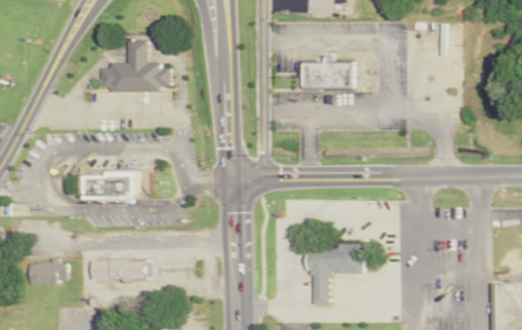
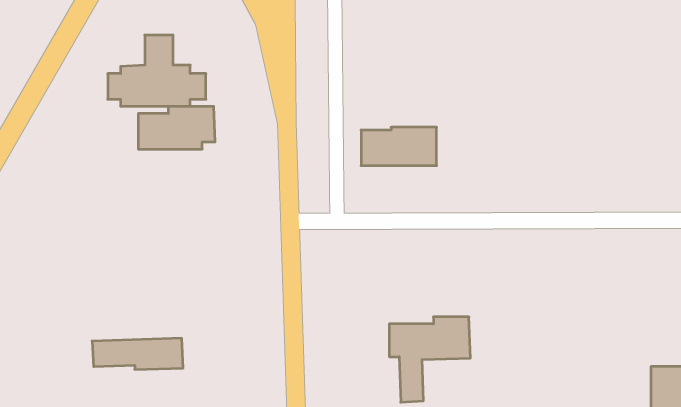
building: [300,61,355,89] -> [361,127,437,166]
building: [87,166,143,197] -> [138,106,215,149]
building: [30,261,69,285] -> none

